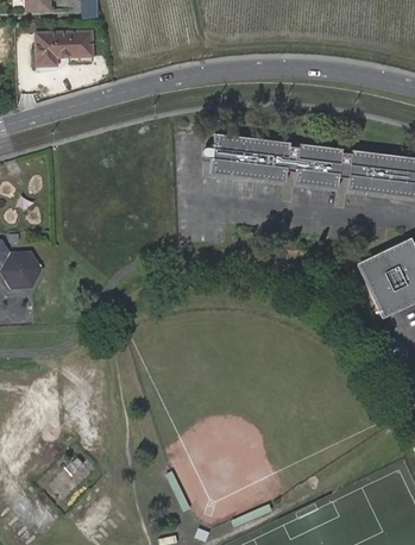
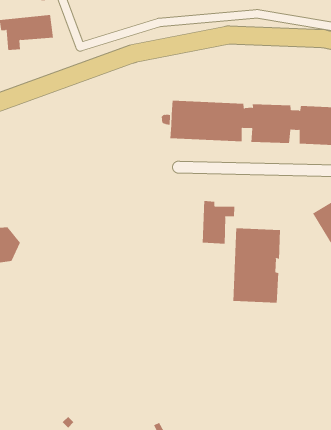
building: none -> [202,200,235,245]
building: none -> [233,227,280,303]

